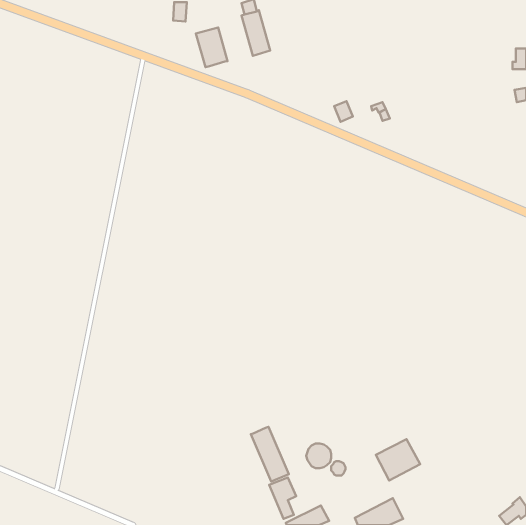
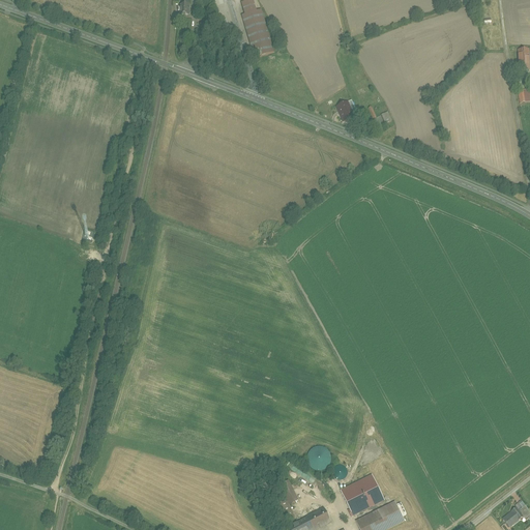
building: [196,27,228,67] -> none
building: [251,427,289,481] -> none
building: [376,439,420,481] -> [341,474,385,516]

